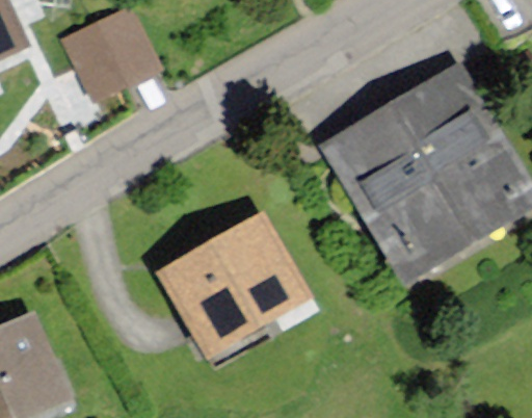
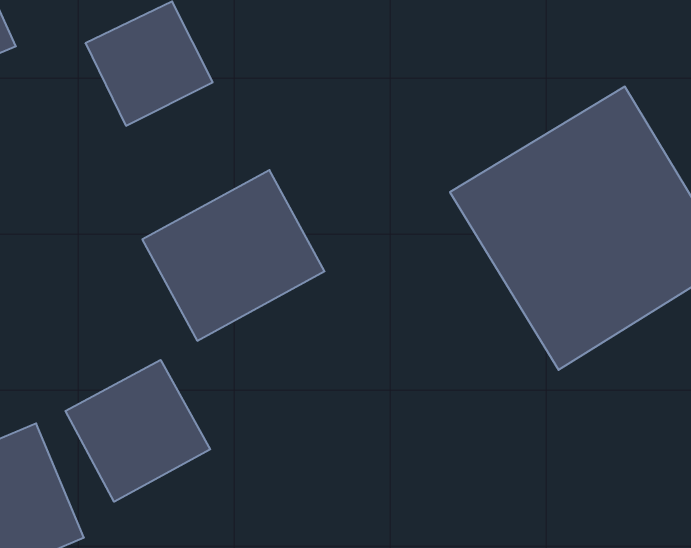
building: [169,226,300,348] -> [142,170,325,341]
building: none -> [65,360,210,502]

